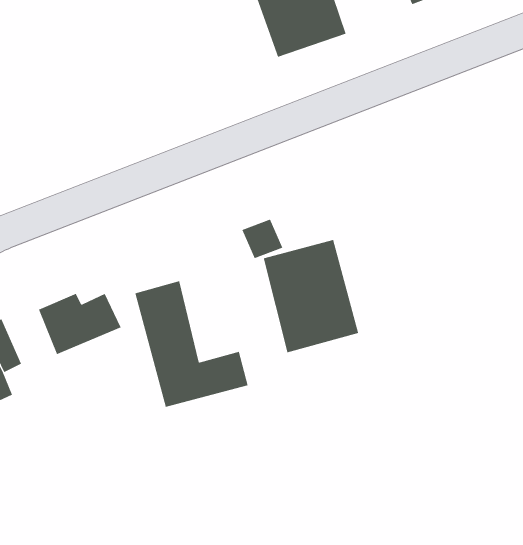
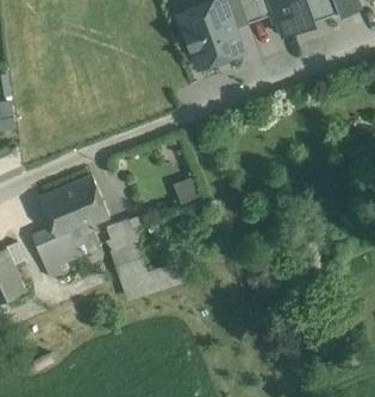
building: none -> [50,168,120,232]
building: [263,239,359,353] -> none

